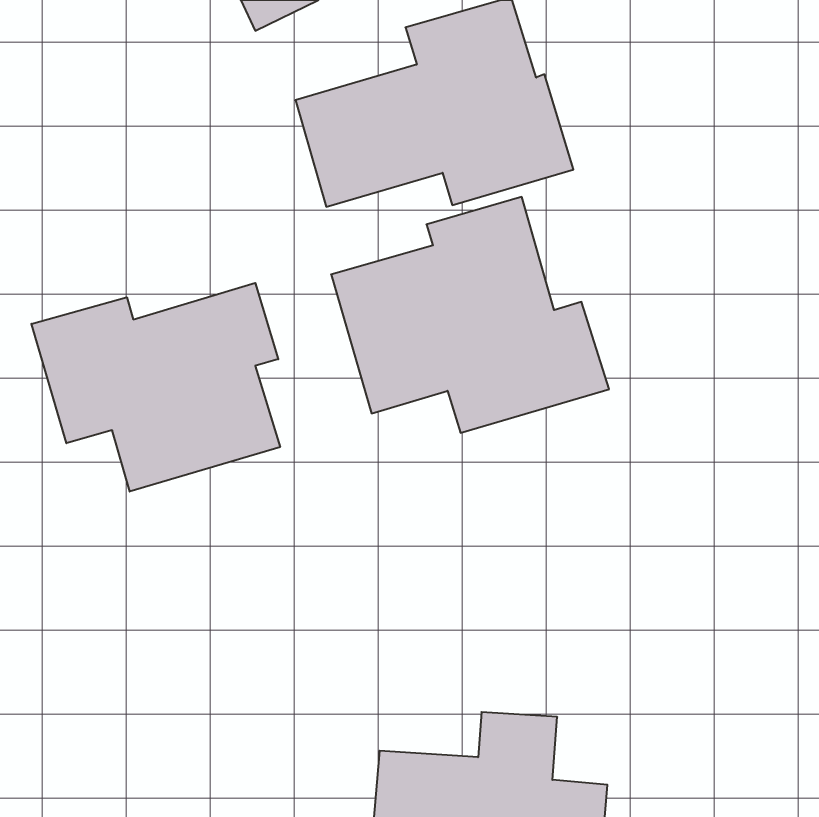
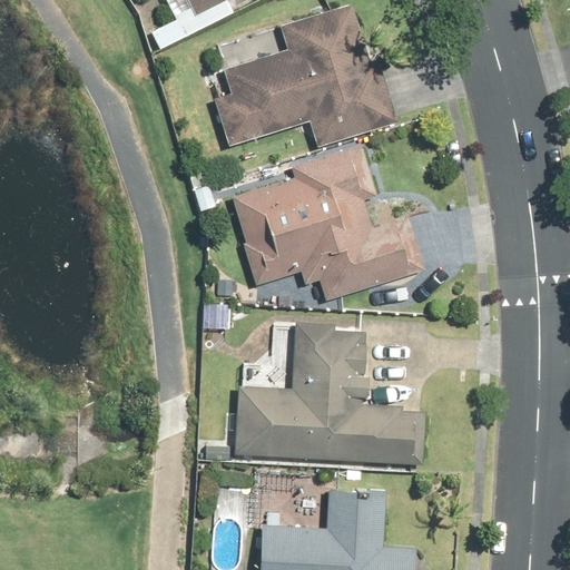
building: [31,283,280,492] -> none
building: none -> [230,330,423,462]

